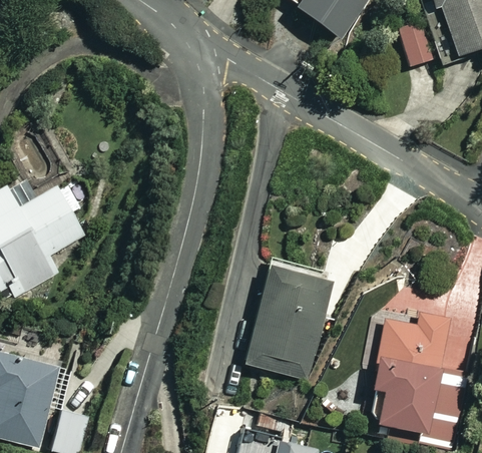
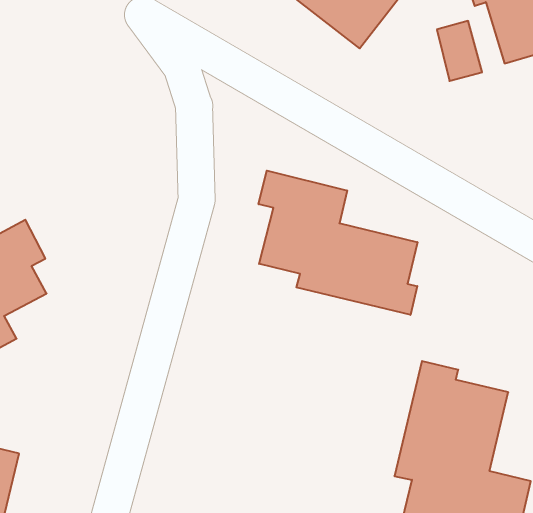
building: none -> [259,171,417,315]
building: [242,260,333,380] -> none

